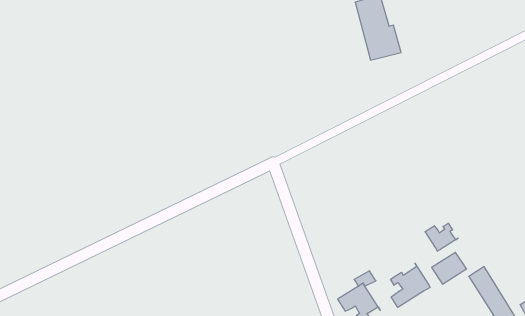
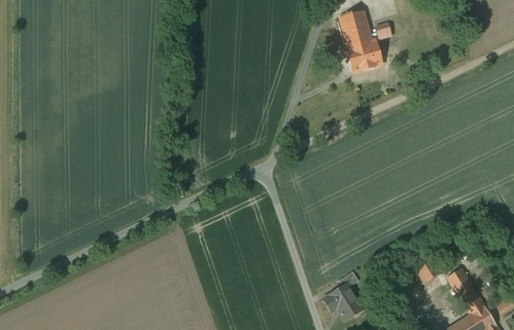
building: [425,223,458,251] -> none
building: [391,263,430,307] -> none

